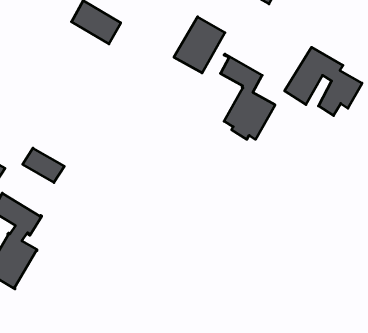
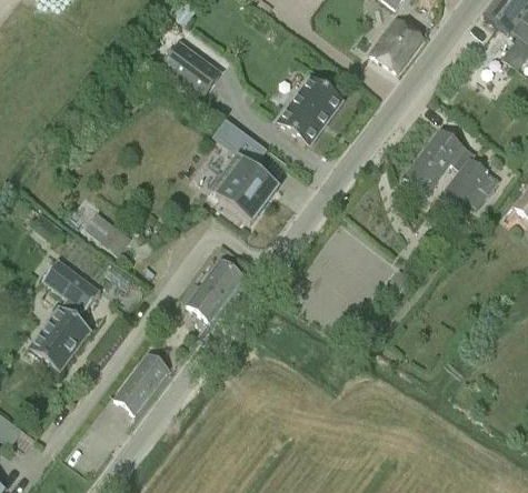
building: [220,54,275,139] -> [216,119,278,223]
building: none -> [187,259,242,321]
building: none -> [114,352,169,413]

